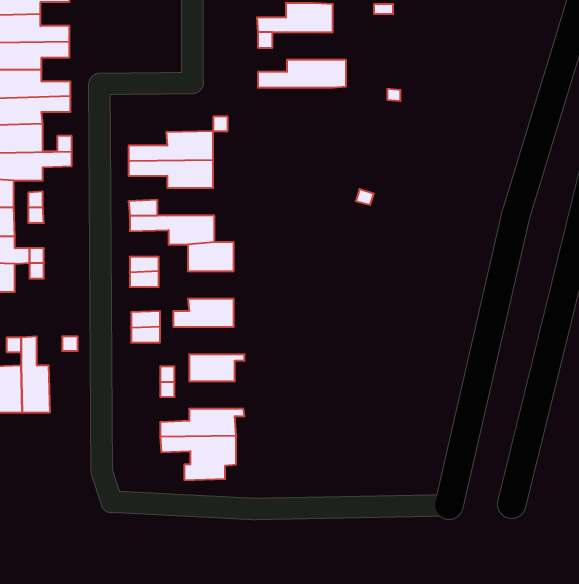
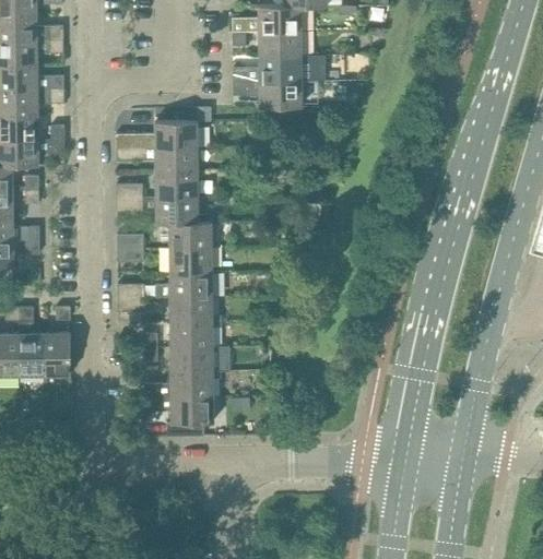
building: none -> [260,31,302,56]
building: none -> [234,81,303,107]
building: none -> [152,171,194,197]
building: none -> [170,247,212,272]
building: none -> [172,297,222,322]
building: none -> [45,332,71,374]
building: none -> [172,346,231,371]

